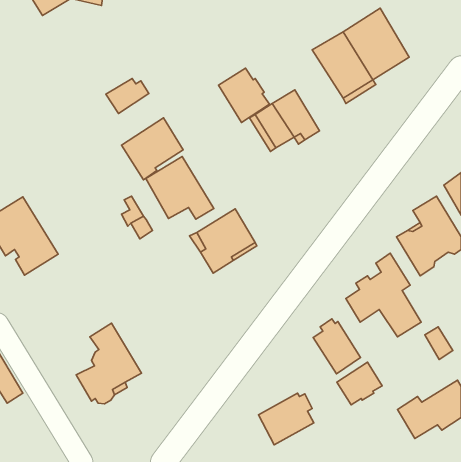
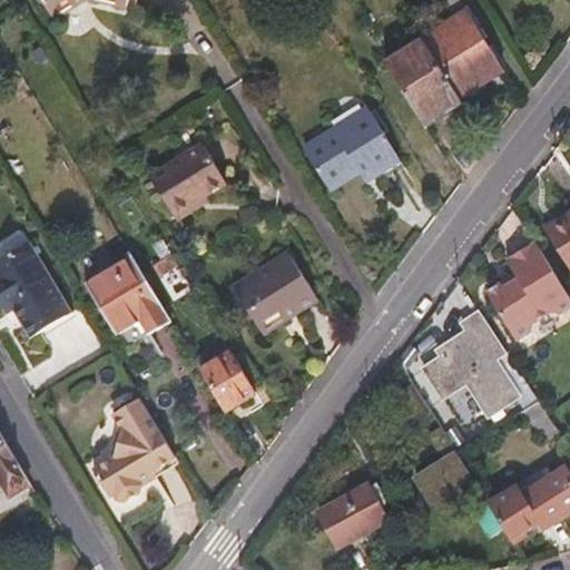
building: [218,68,269,123] -> none
building: [106,78,149,113] -> none
building: [146,157,214,219] -> [85,256,168,333]
building: none -> [197,351,254,411]
building: [313,319,361,374] -> none

